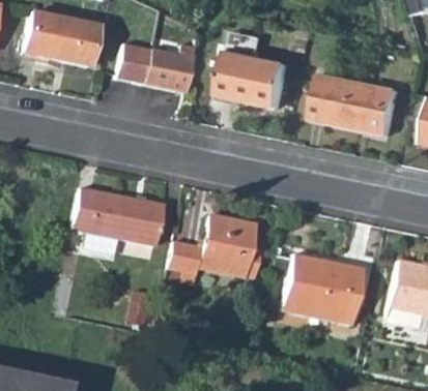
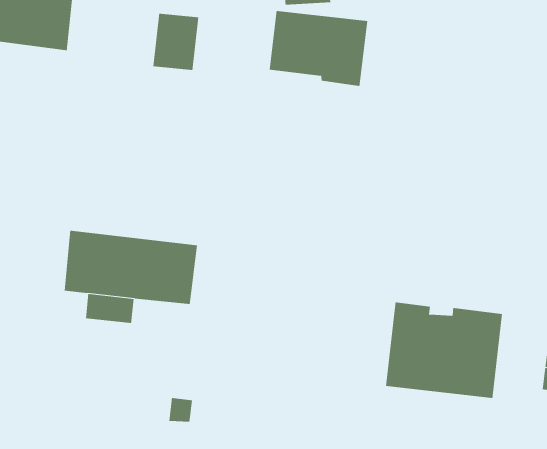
building: [117,41,152,83] -> none
building: [315,74,402,136] -> none
building: [169,215,262,285] -> none

